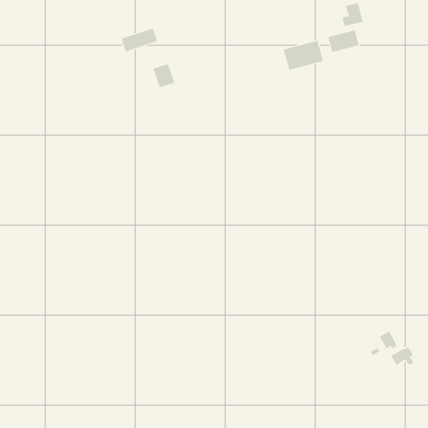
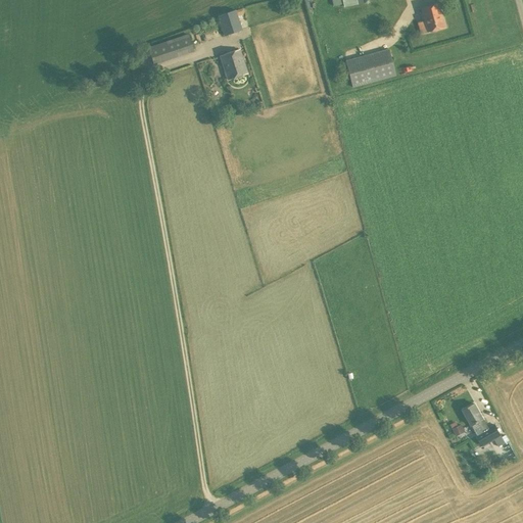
building: none -> [218,9,242,36]
building: [328,29,359,53] -> none
building: [152,64,175,88] -> [219,49,246,79]

